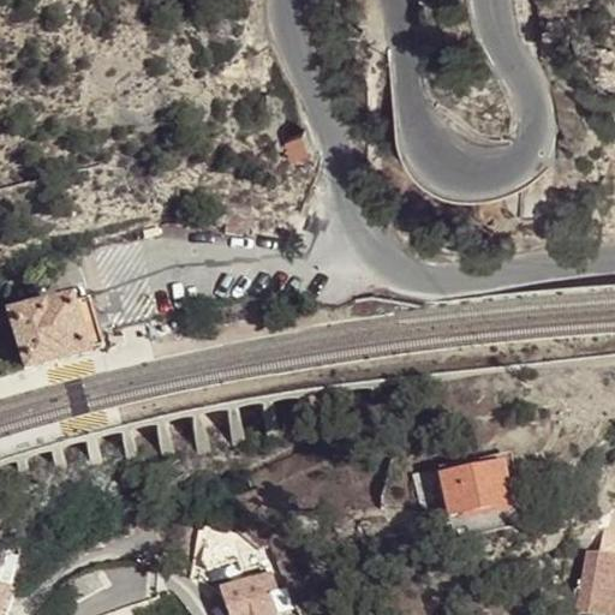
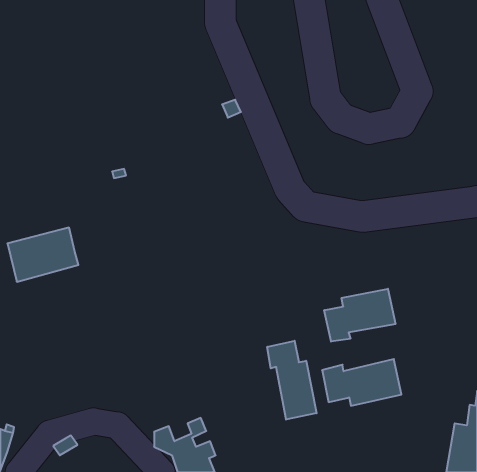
building: none -> [324,289,395,342]
building: none -> [267,341,317,420]

